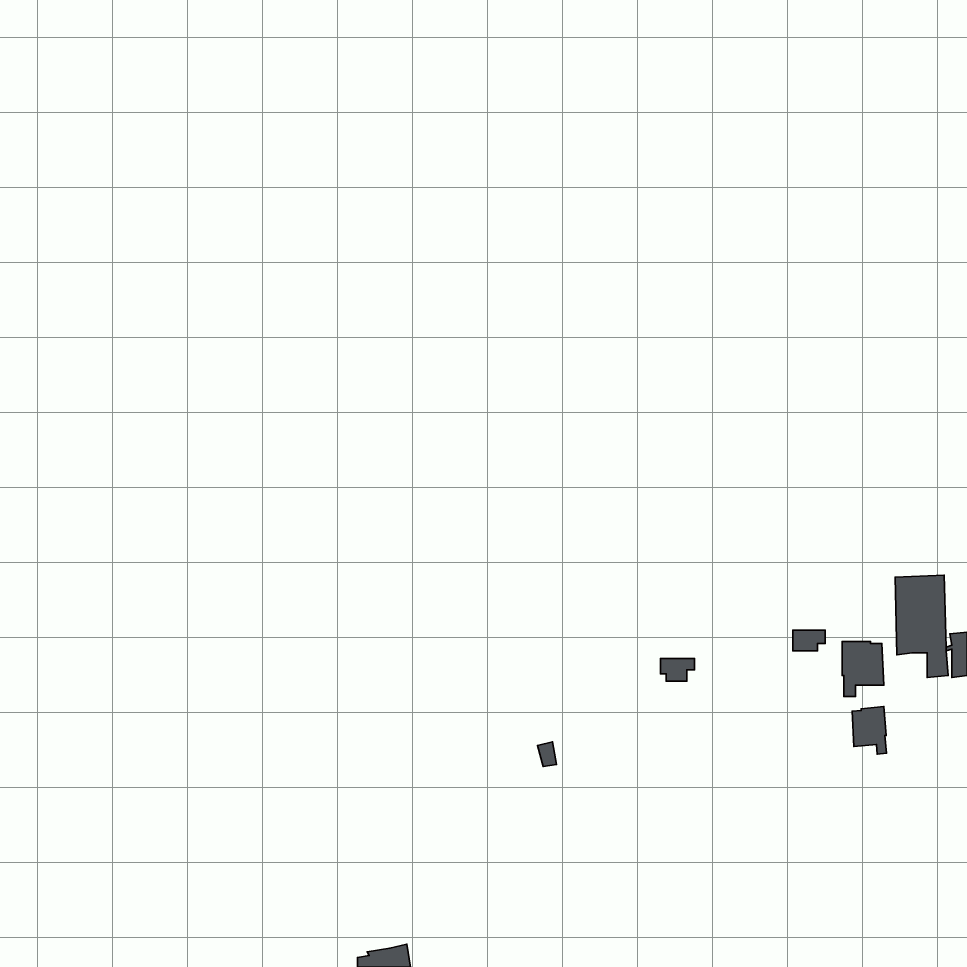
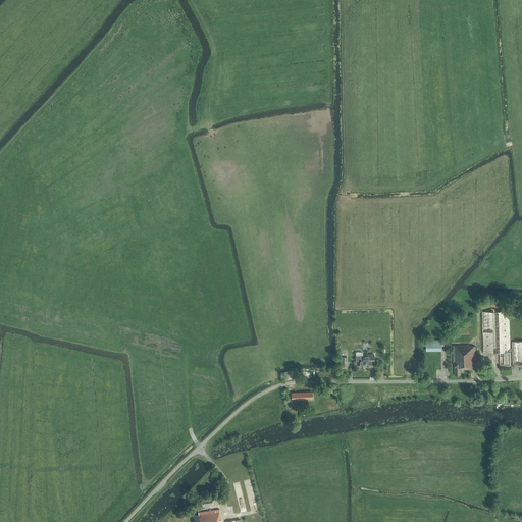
building: [852,707,886,754] -> none

